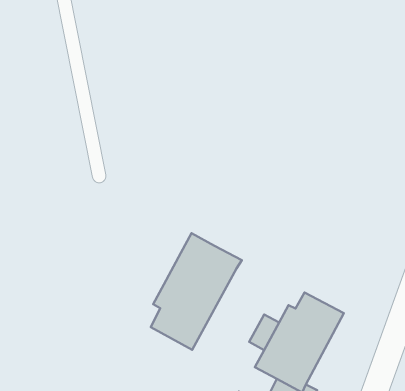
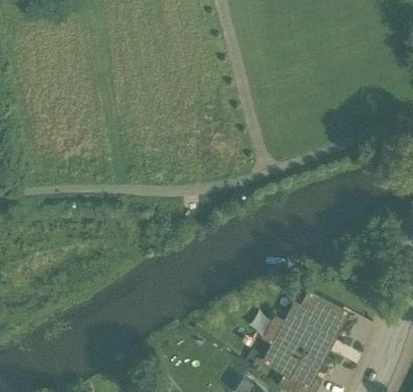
building: [151,233,242,350] -> none

